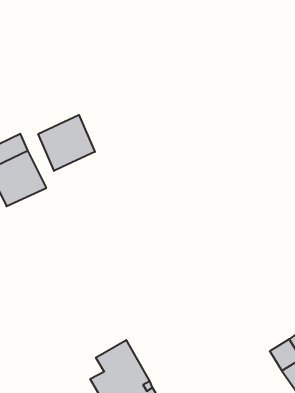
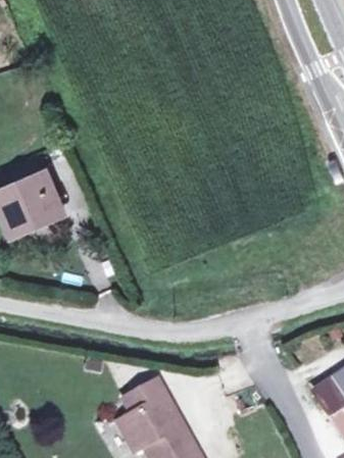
building: [38,115,95,171] -> none

